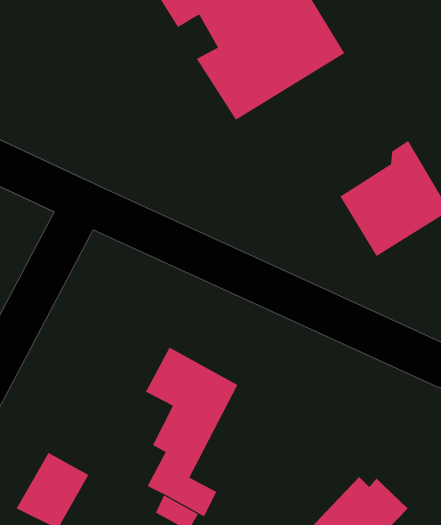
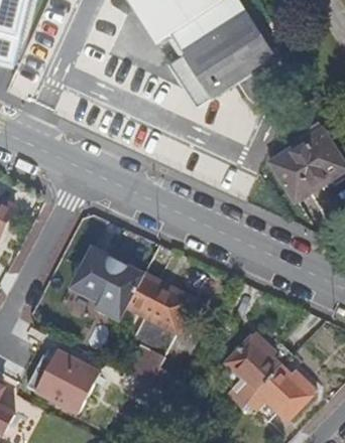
building: none -> [77,246,144,318]
building: none -> [226,329,293,390]

